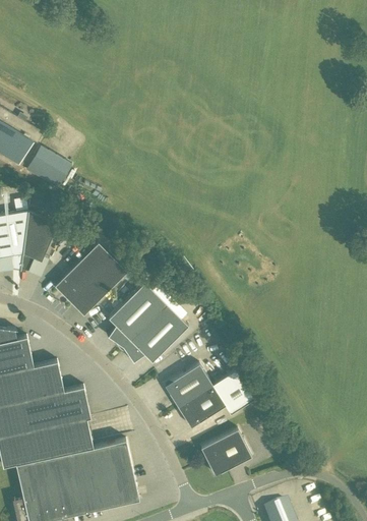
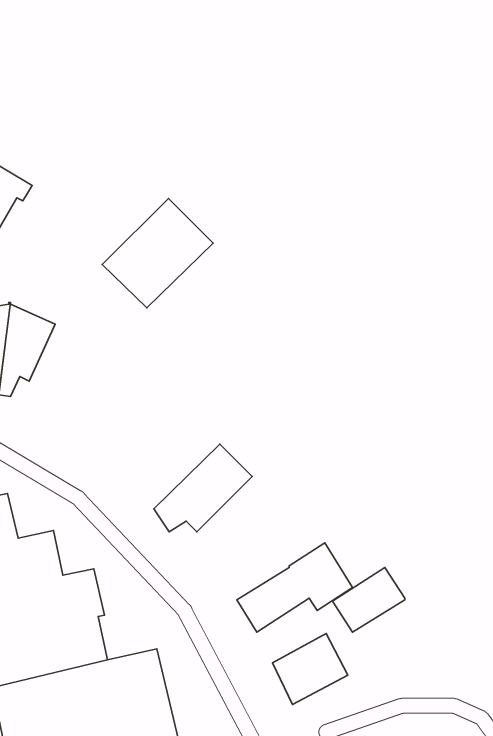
building: [26,147,71,189] -> none
building: [54,243,127,315] -> [102,198,213,308]
building: [108,282,167,347] -> none
building: [165,364,212,407] -> [332,567,405,632]

